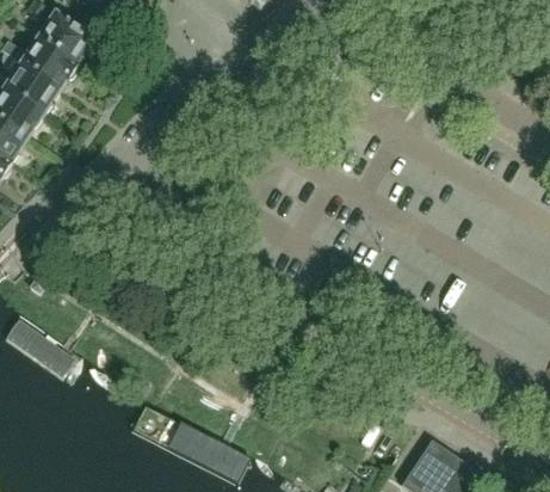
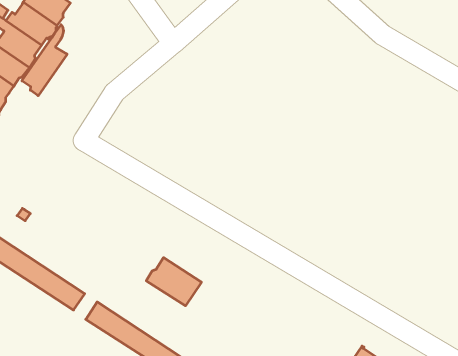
building: none -> [22,25,67,96]
building: none -> [146,258,201,306]

